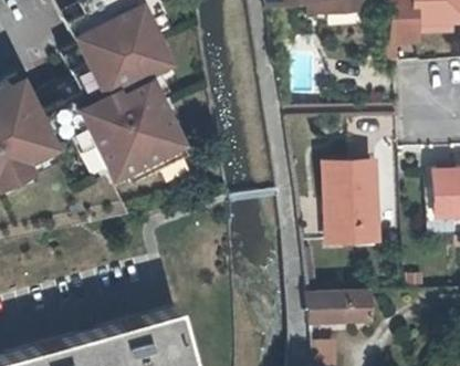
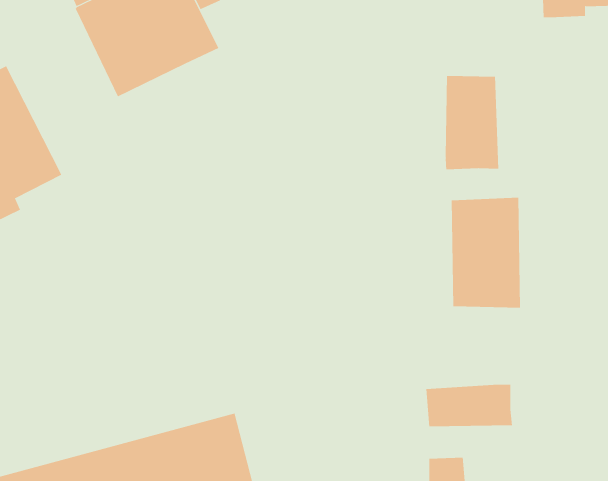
building: [73,70,181,178] -> none
building: none -> [445,75,499,170]

